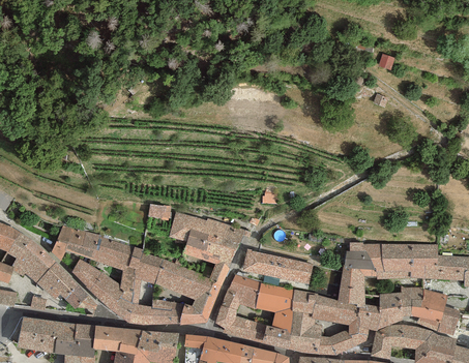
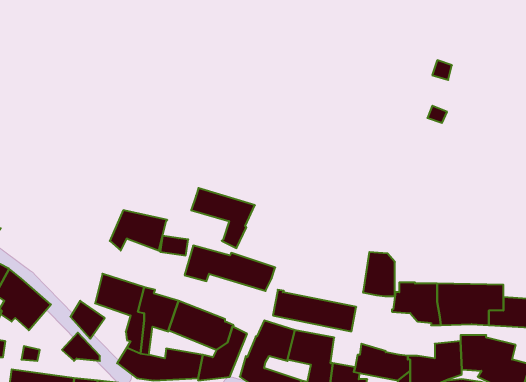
building: [51,225,99,260] -> [110,210,167,251]
building: [182,235,236,285] -> [191,188,255,248]
building: [36,261,78,299] -> none
building: [338,267,364,304] -> [363,252,395,296]
building: [88,272,122,310] -> none
building: [291,289,317,313] -> none

